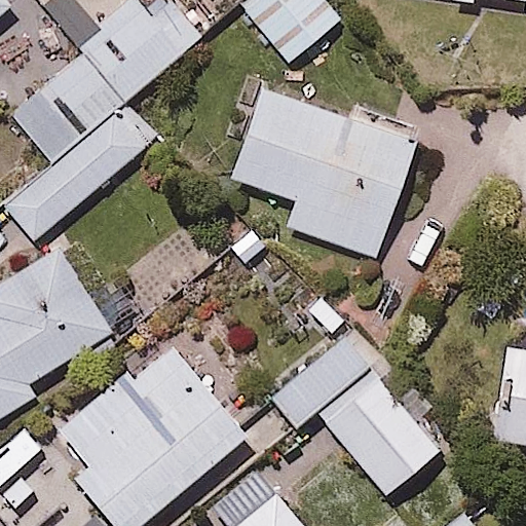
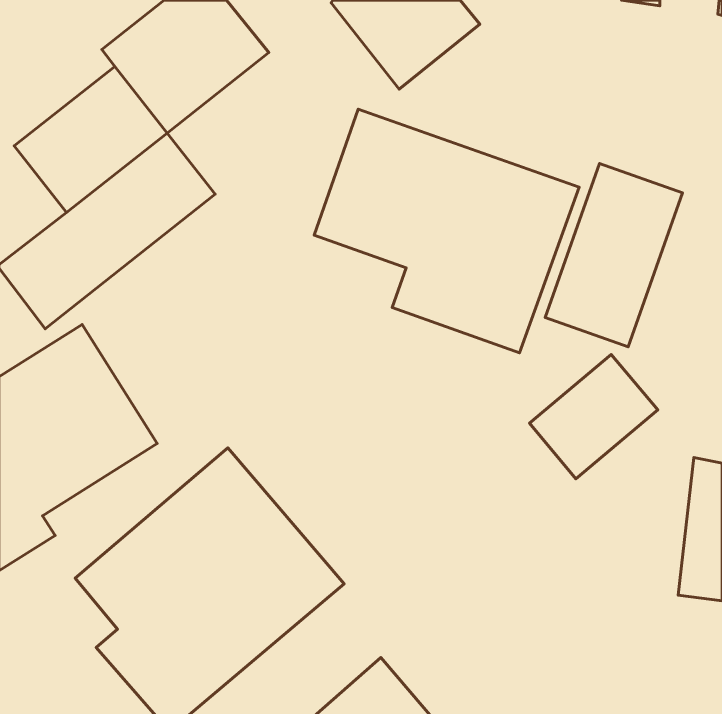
building: none -> [545,164,683,347]
building: none -> [529,355,658,479]
building: [268,329,445,495] -> none

